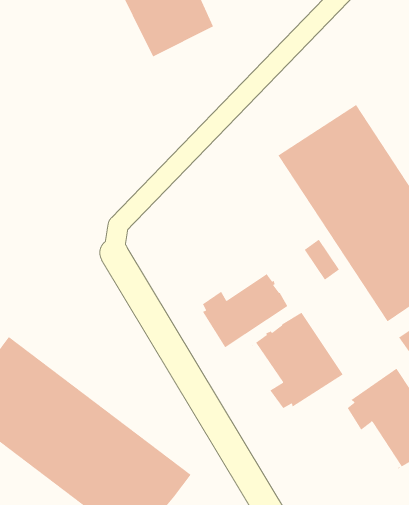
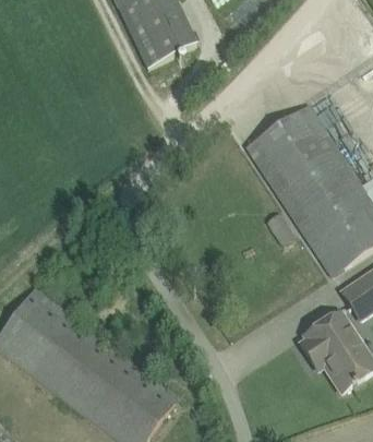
building: [202,271,288,348] -> none
building: [252,312,344,409] -> none

